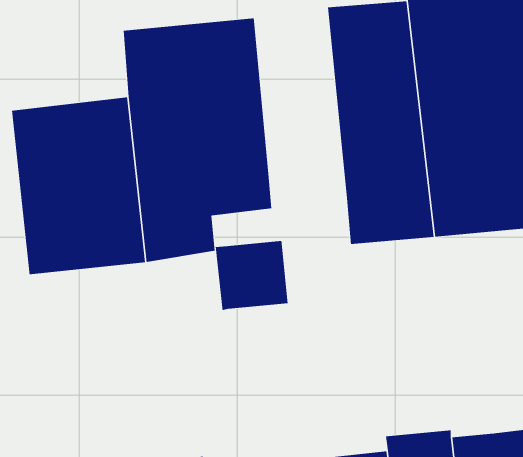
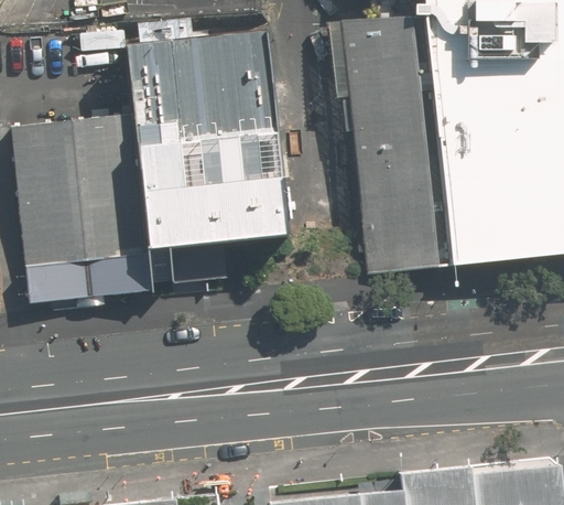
building: [215,240,288,311] -> none

